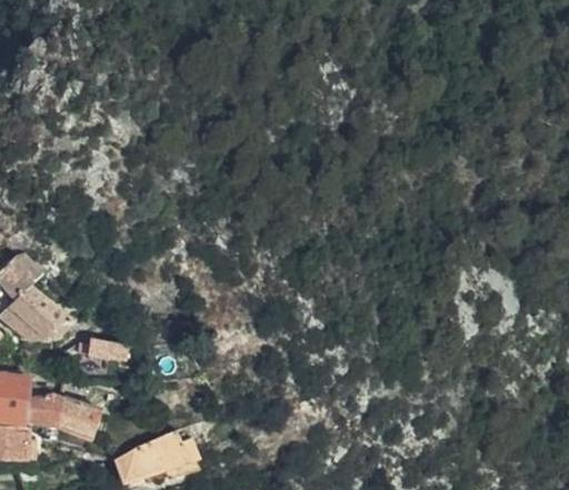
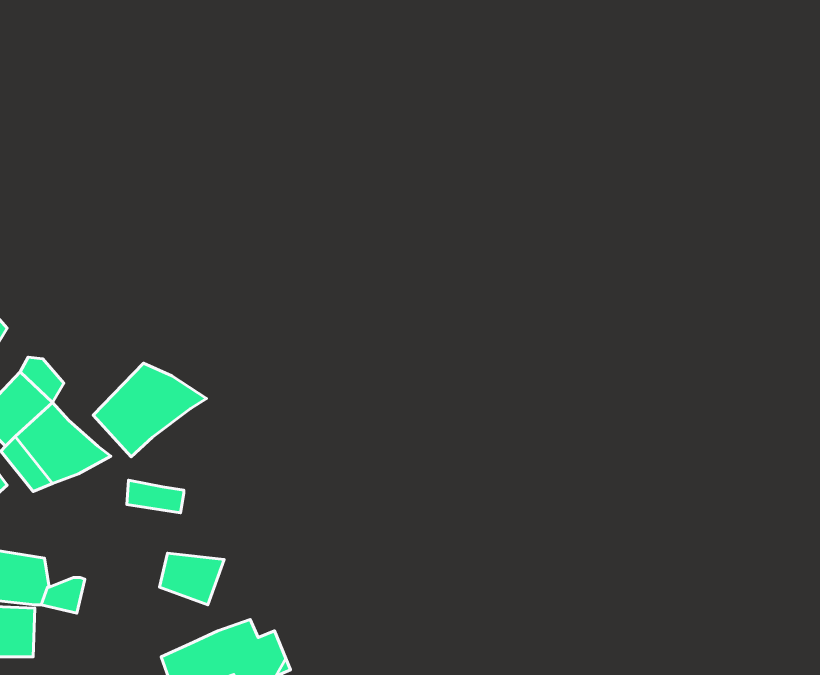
building: none -> [93,363,207,457]
building: [53,404,98,440] -> [159,553,224,605]

